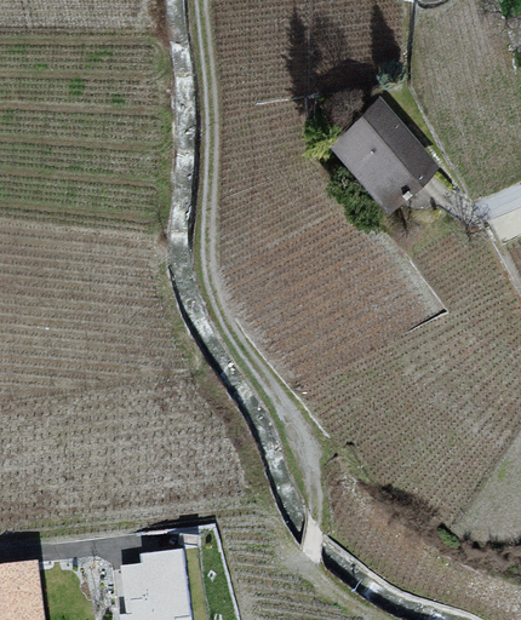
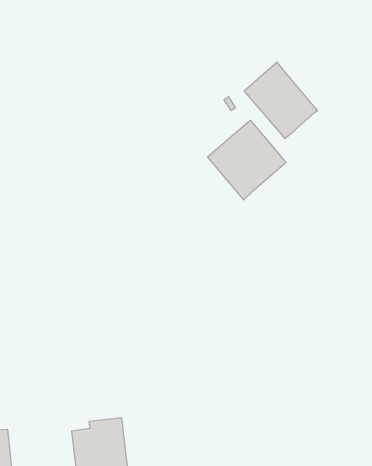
building: none -> [208,120,286,200]

